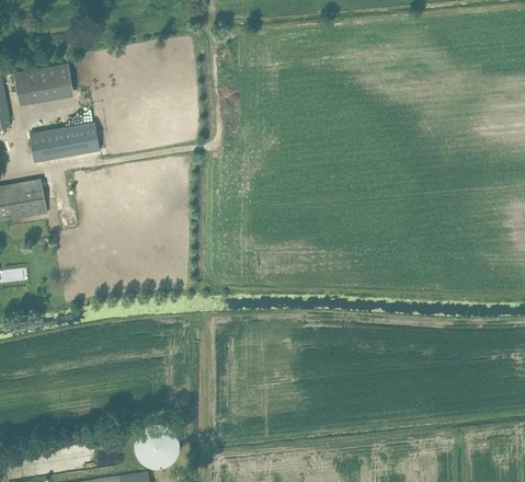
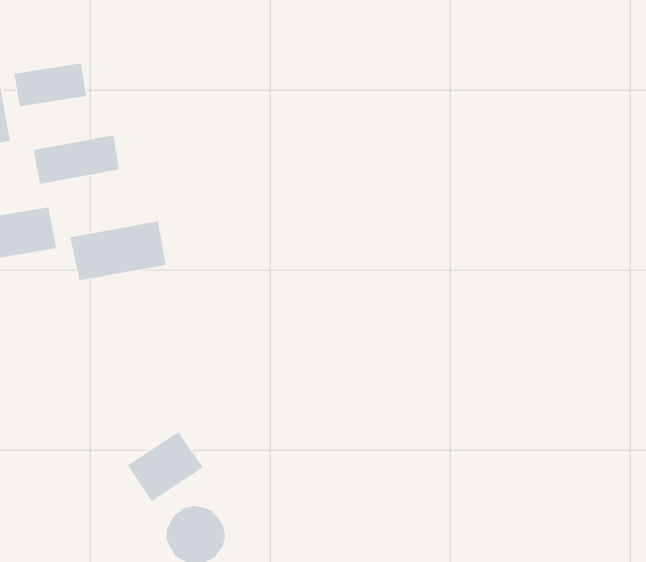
building: none -> [70,220,167,281]
building: none -> [127,431,204,502]

